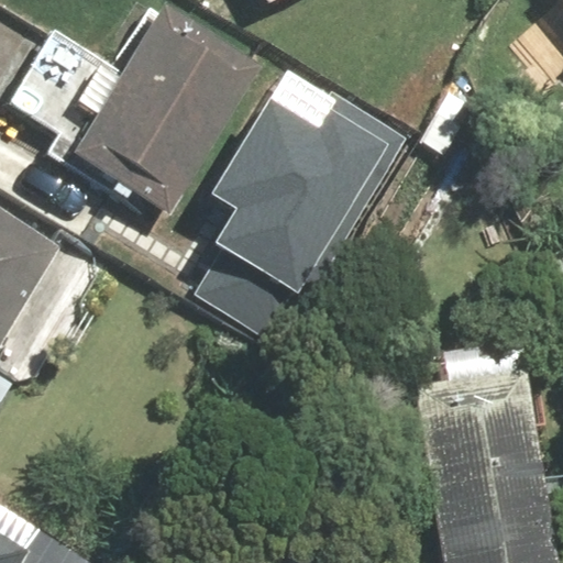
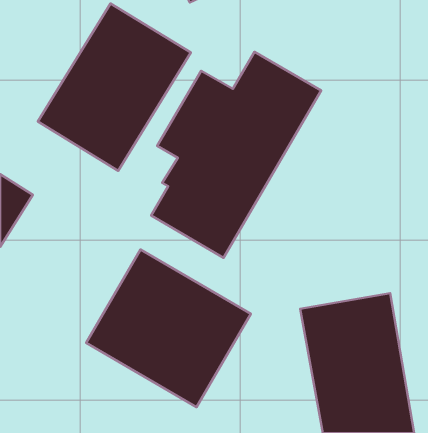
building: none -> [86,250,251,407]

